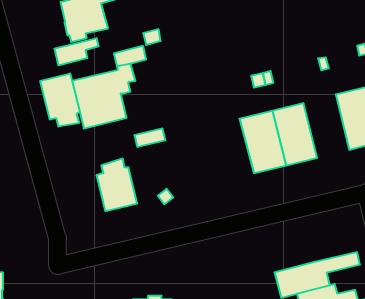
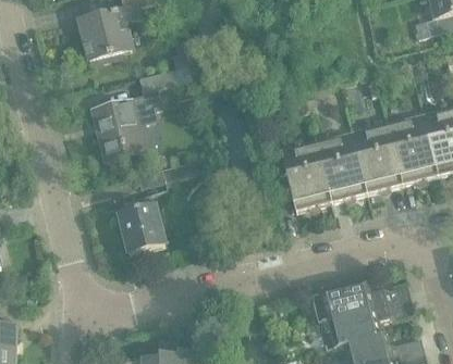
building: [54,38,99,65] -> none
building: [40,73,80,127] -> none
building: none -> [351,123,402,193]
building: none -> [311,280,411,322]

